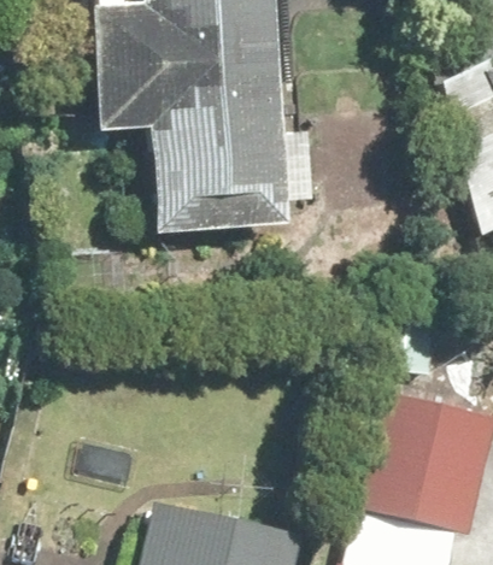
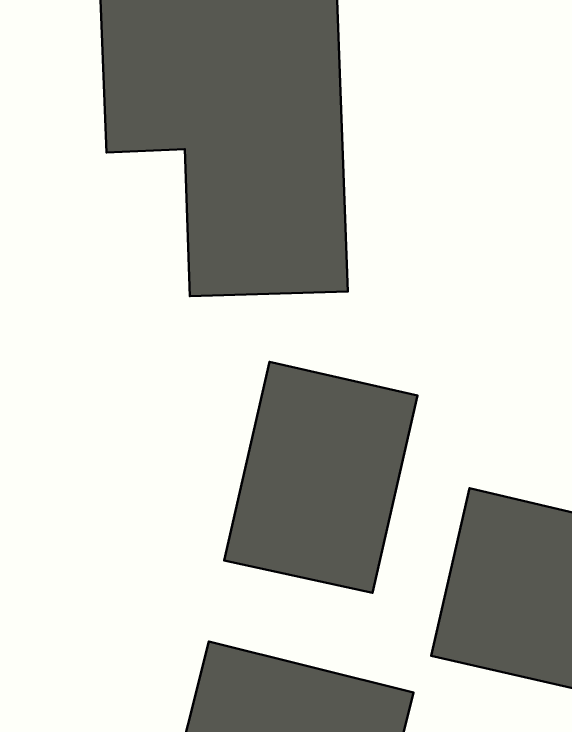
building: none -> [224,362,417,593]

